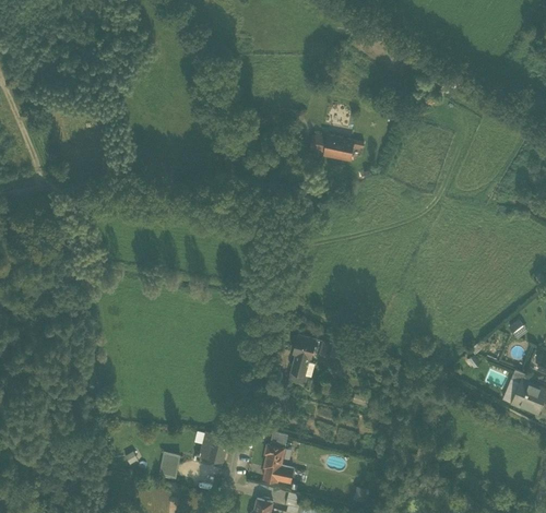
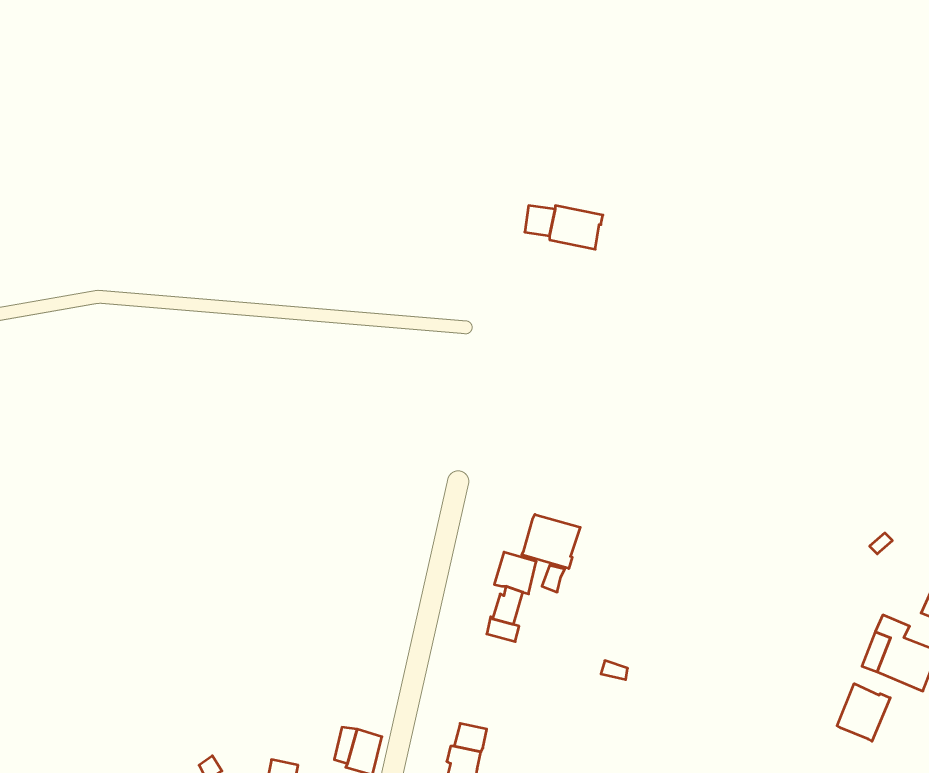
building: none -> [522,514,580,569]
building: none -> [837,684,890,741]

